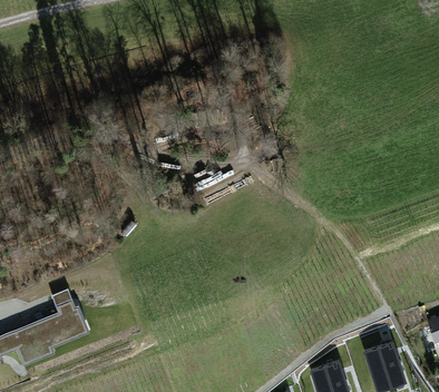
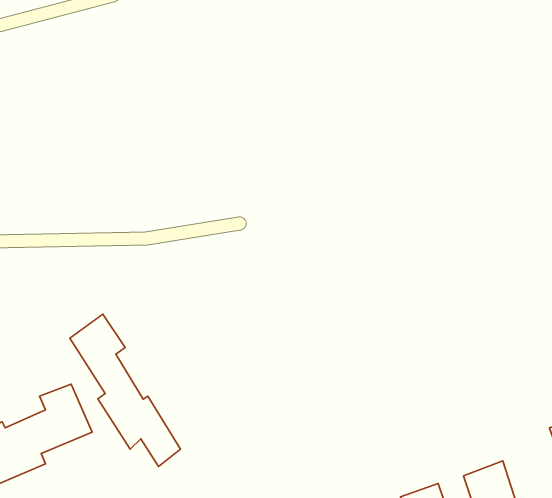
building: none -> [70,314,181,466]

